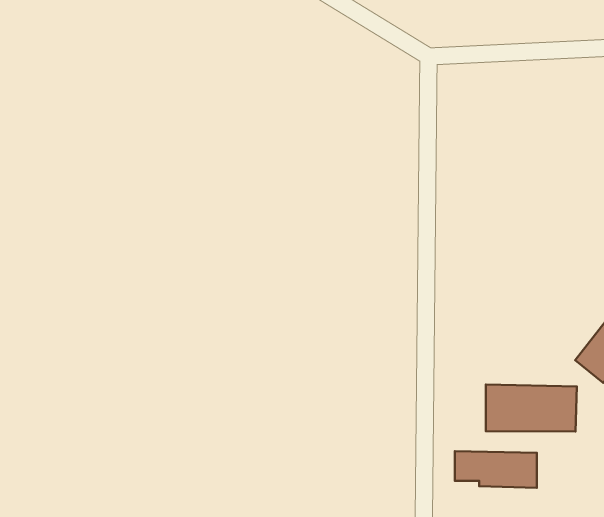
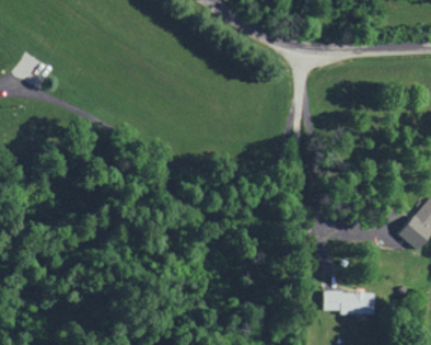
building: [486,385,577,432] -> none

